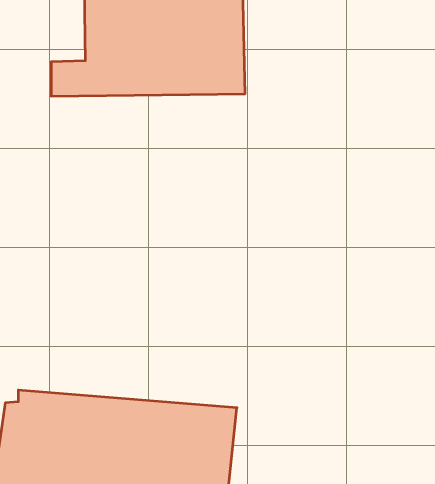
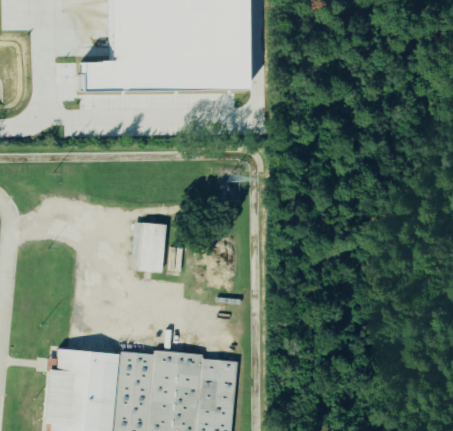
building: none -> [127,219,167,270]

